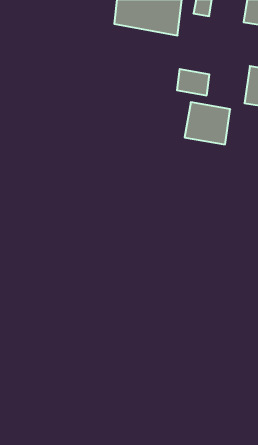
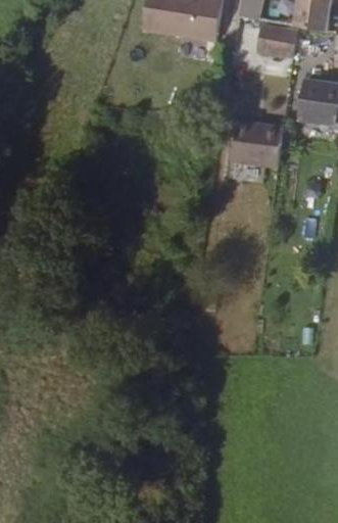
building: [177,69,209,95] -> [257,26,295,56]

